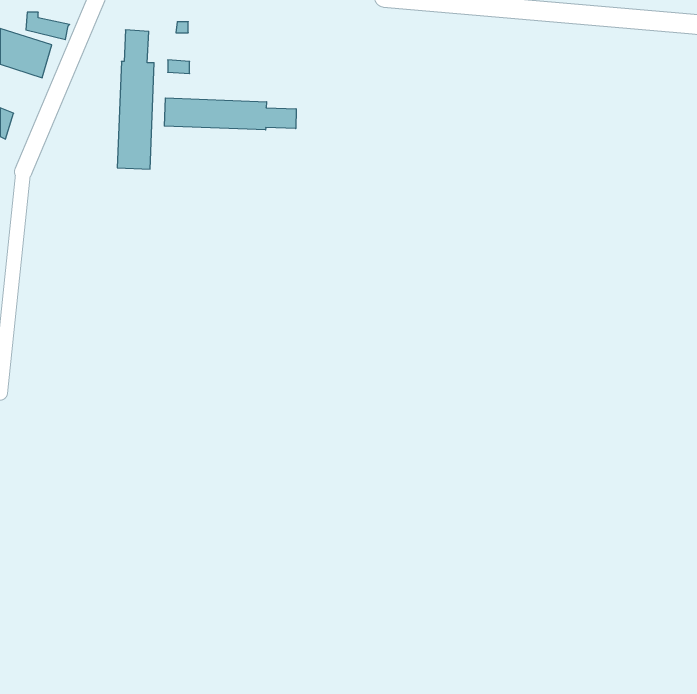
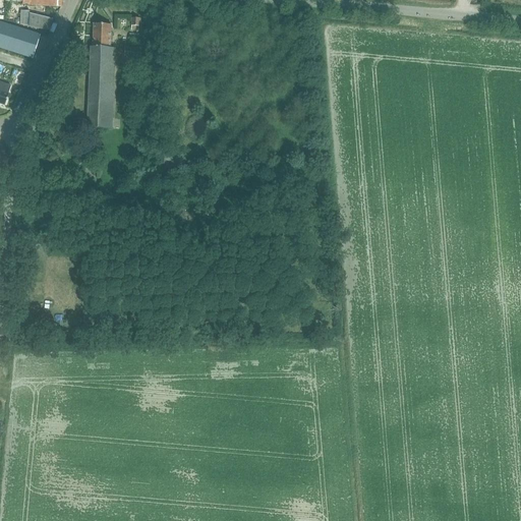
building: [164,98,296,130] -> none

